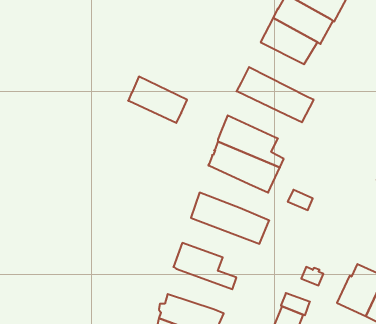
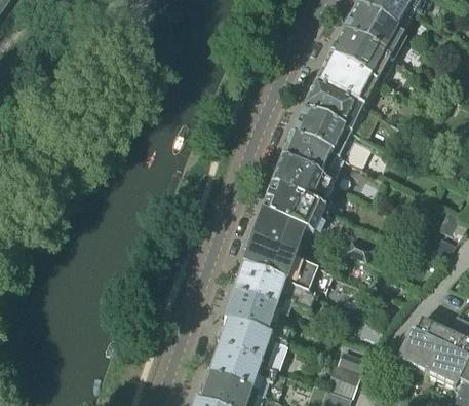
building: none -> [302,81,378,140]
building: [128,77,187,123] -> [279,134,342,183]
building: none -> [250,213,303,258]
building: none -> [232,268,314,313]
building: none -> [217,323,285,370]

